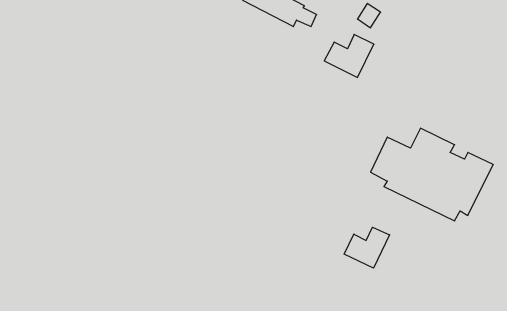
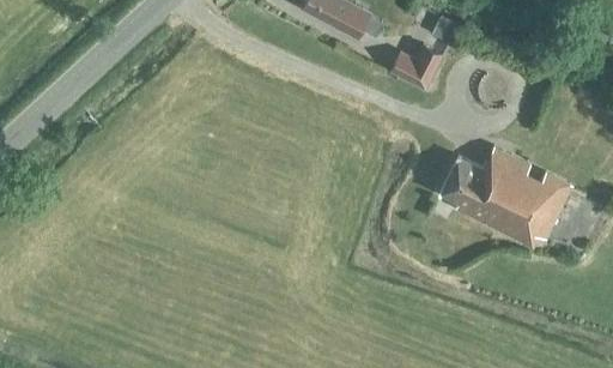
building: [344,227,390,268] -> none

